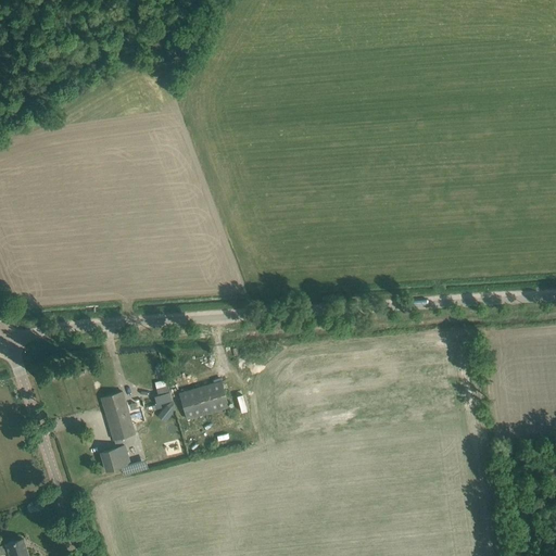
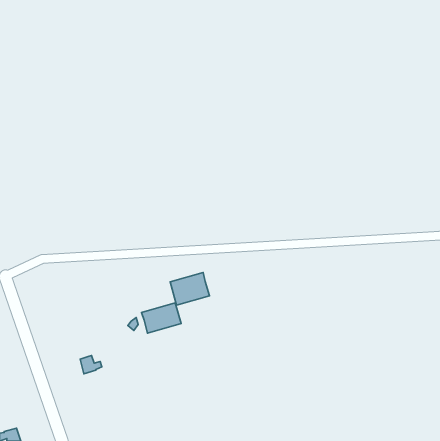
building: none -> [170,273,209,305]
building: [101,391,137,440] -> none

